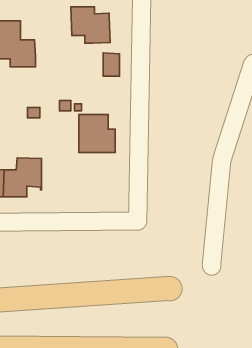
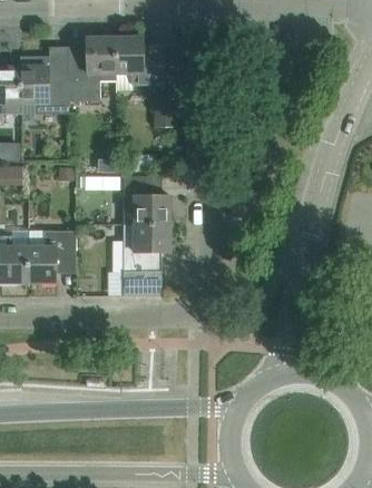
building: none -> [67,37,115,100]
building: none -> [123,224,170,295]

